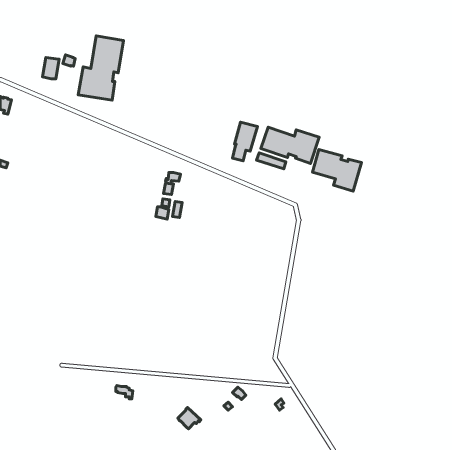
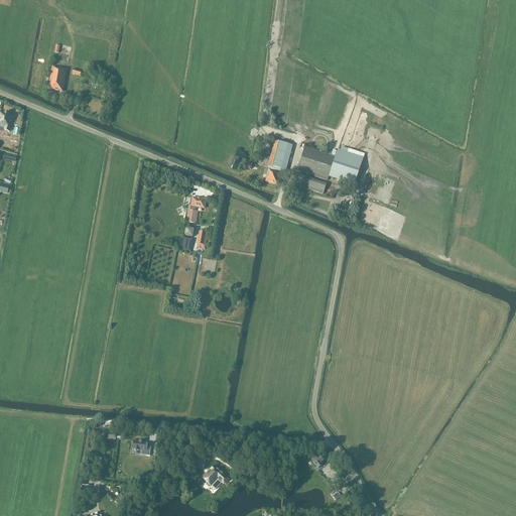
building: [78,36,123,100] -> none
building: [312,149,361,191] -> none

